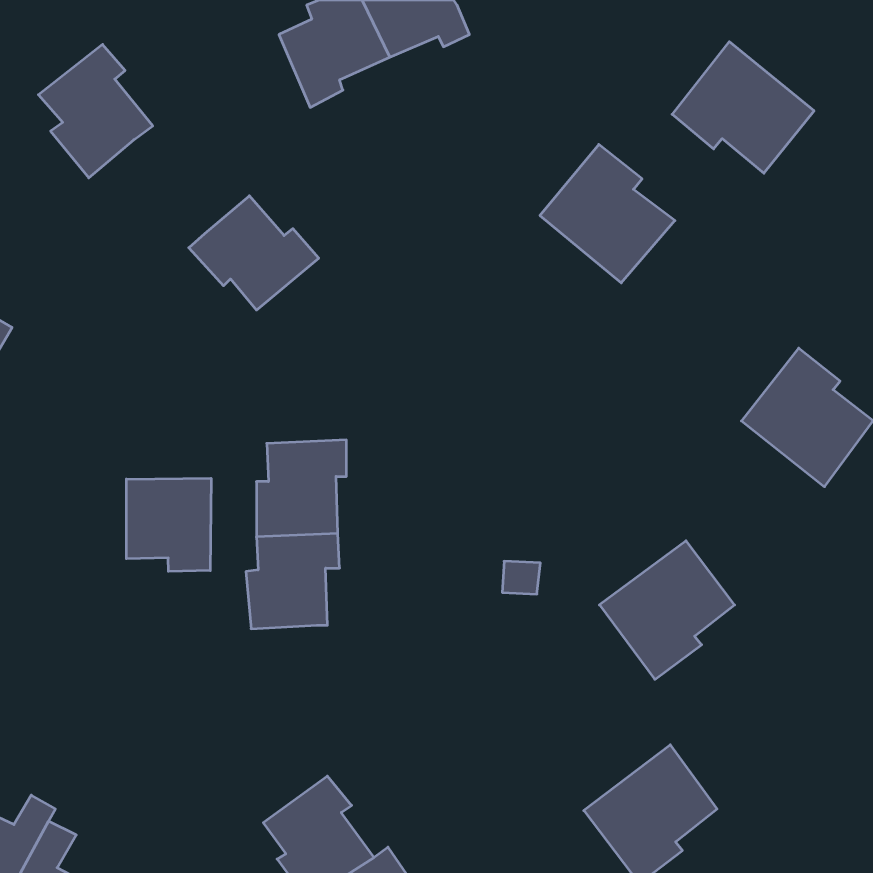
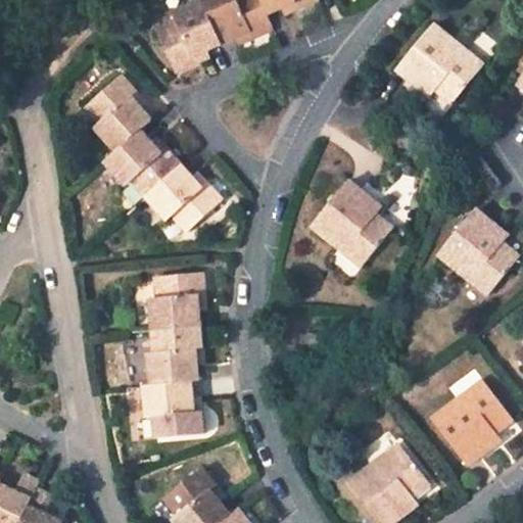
building: [38,44,153,178] -> [91,66,158,145]
building: [540,144,675,283] -> [311,190,390,272]
building: none -> [151,159,227,226]
building: [126,478,211,571] -> none
building: [599,541,735,679] -> [430,382,510,464]
building: none -> [140,376,196,432]

